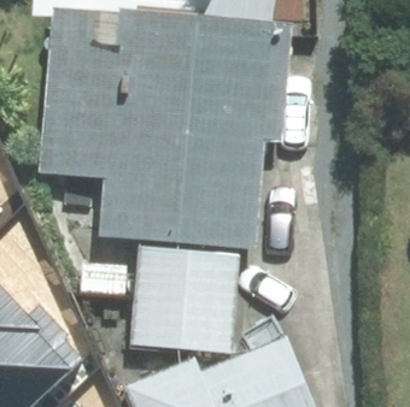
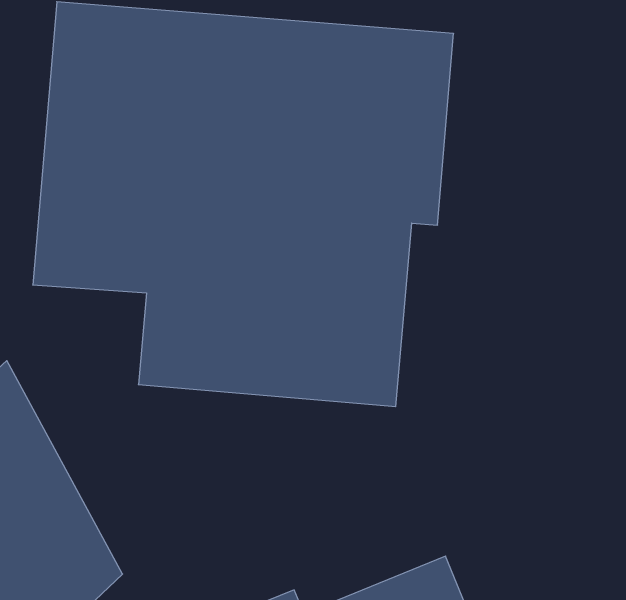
building: [131,246,239,352] -> none

